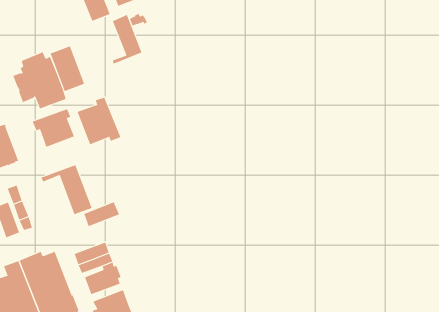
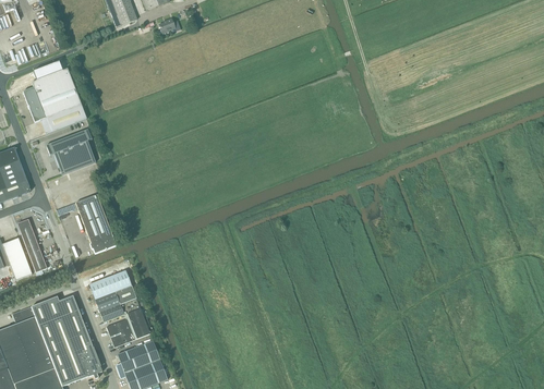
building: [112,14,142,65] -> none
building: [50,46,85,92] -> none
building: [77,97,121,145] -> none
building: [83,202,120,227] -> [88,269,131,299]

